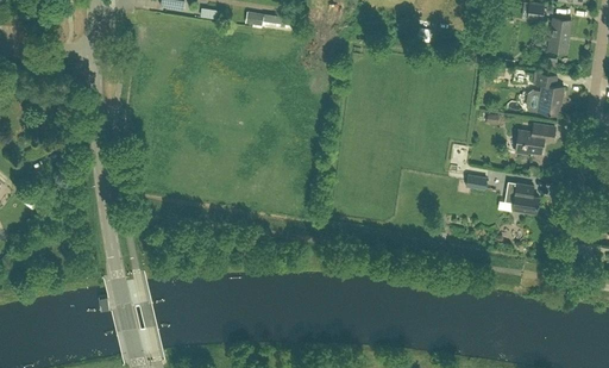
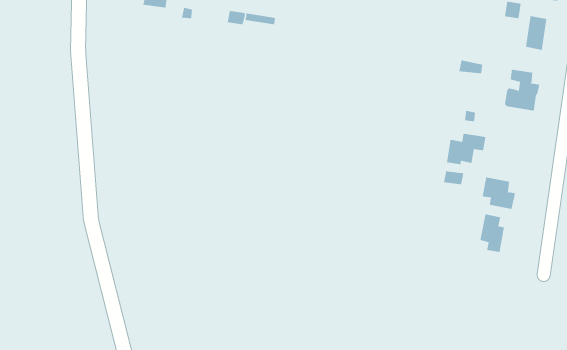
building: [515,123,555,155] -> [446,133,486,165]
building: none -> [480,213,505,253]

